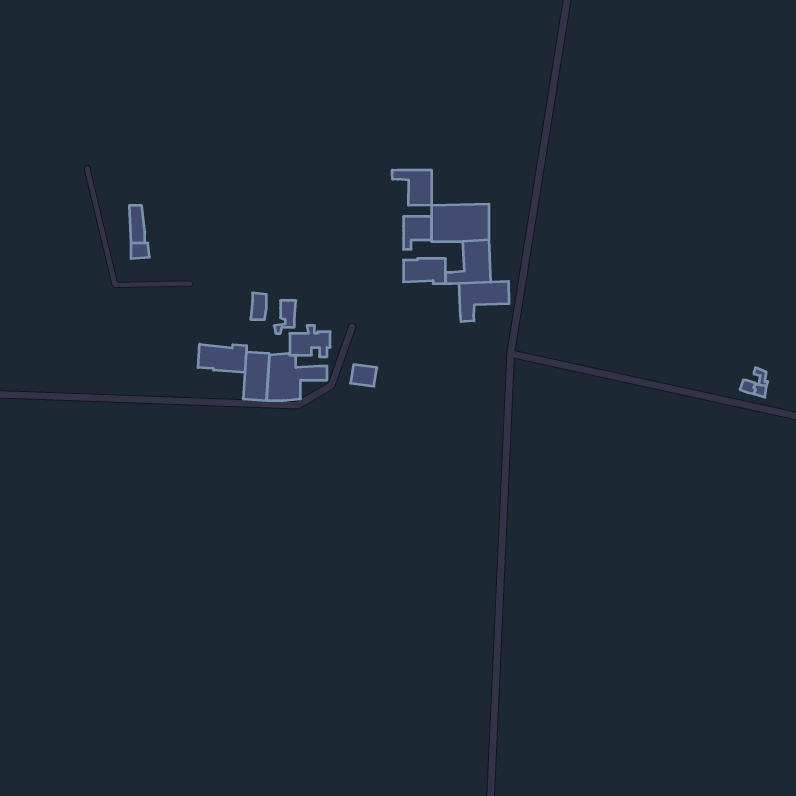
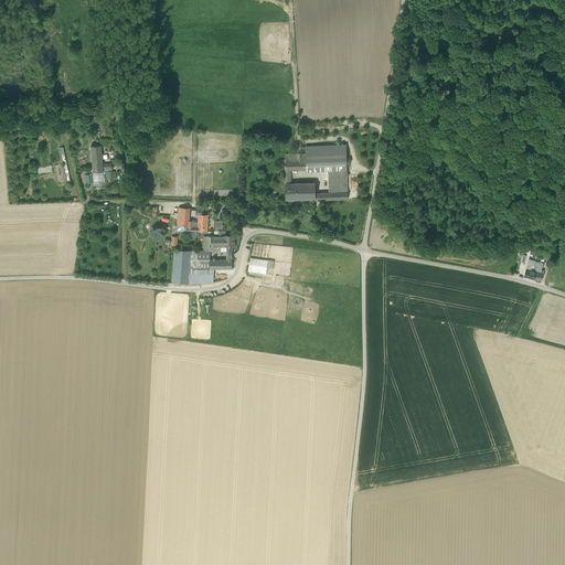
building: [392,170,431,206] -> none
building: [459,281,509,322] -> none
building: [198,344,247,372] -> none

